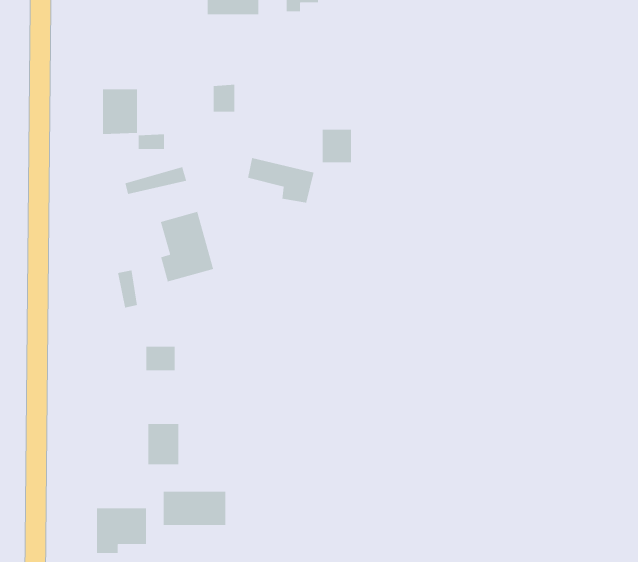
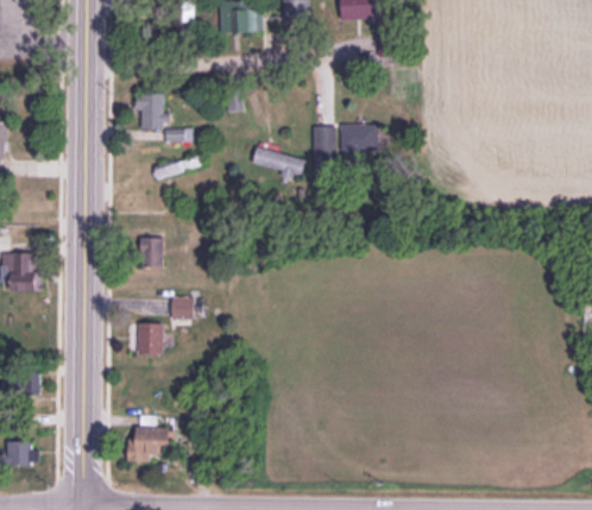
building: none -> [339,124,378,151]
building: [160,211,214,283] -> none
building: [148,423,179,465] -> [139,322,164,355]
building: [163,491,226,526] -> none

